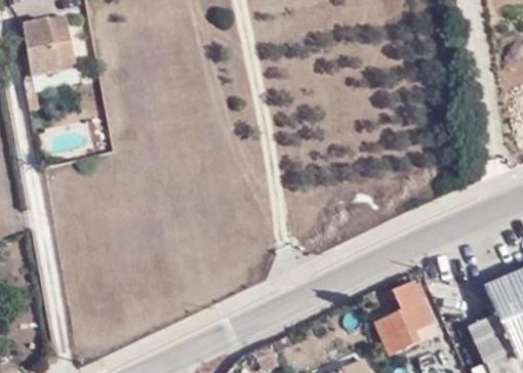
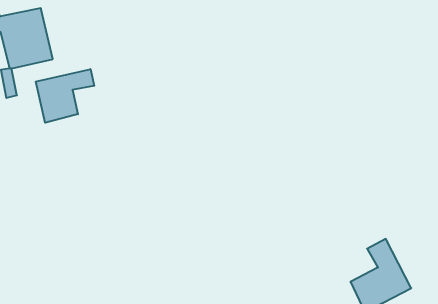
building: none -> [36,69,94,123]

